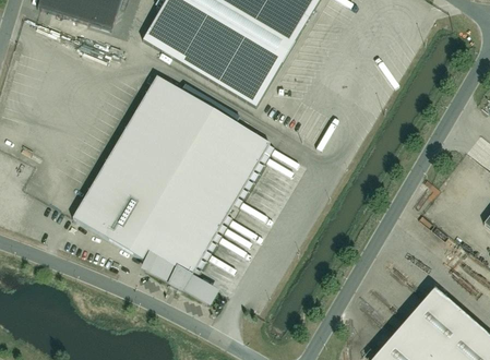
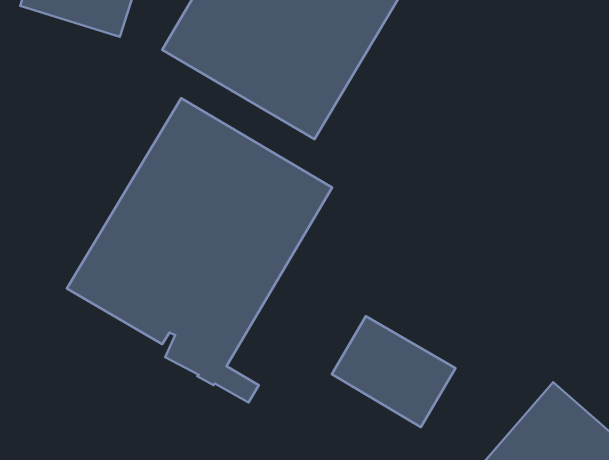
building: none -> [332,316,456,427]

